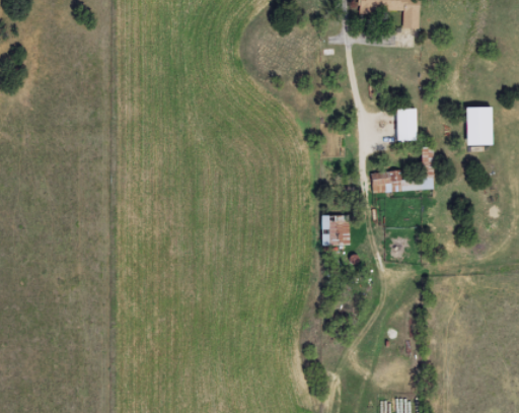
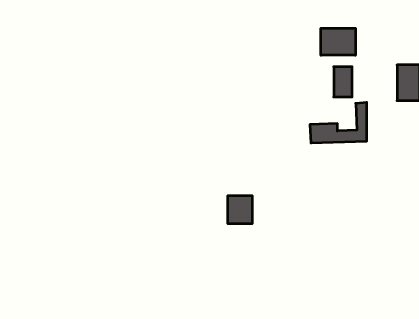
building: none -> [321,28,355,55]
building: [321,215,349,246] -> [228,196,252,223]

